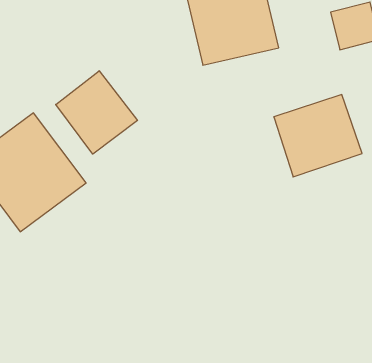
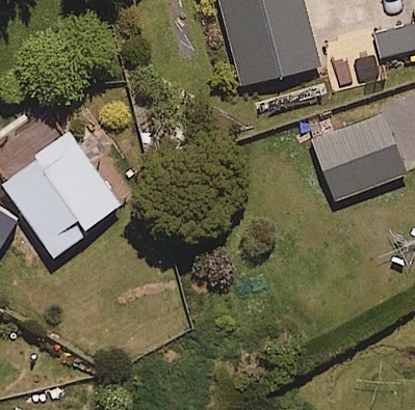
building: [56,71,137,154] -> none

